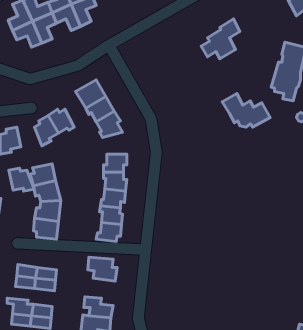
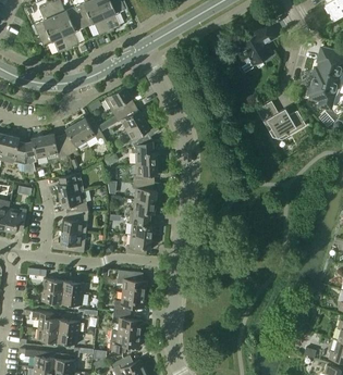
building: none -> [132,141,157,164]
building: [9,168,34,191] -> [42,134,69,158]
building: none -> [113,292,145,313]

